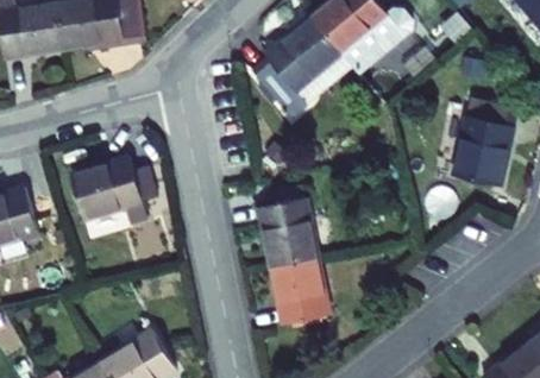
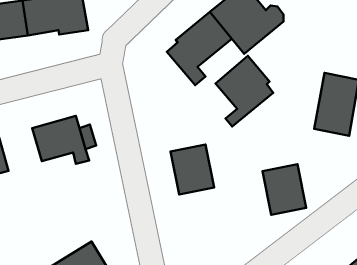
building: none -> [215,56,273,127]
building: [270,257,329,326] -> [262,164,306,215]

